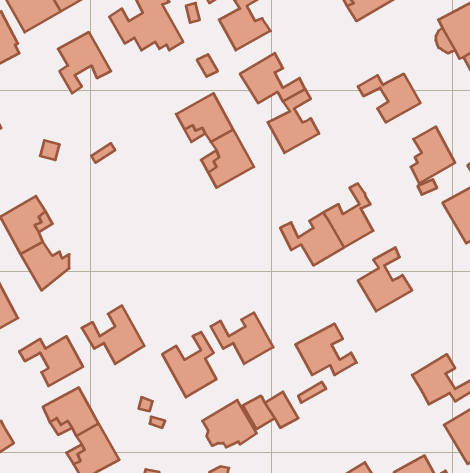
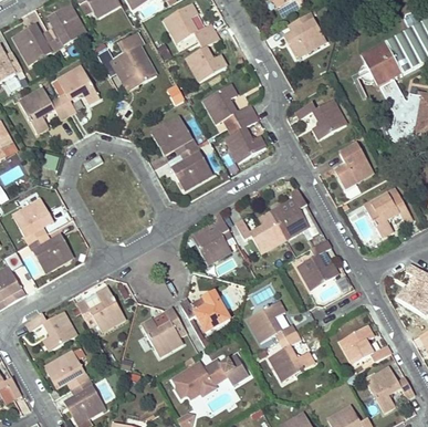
building: none -> [19,87,67,132]
building: none -> [190,211,231,264]
building: none -> [268,330,312,378]

